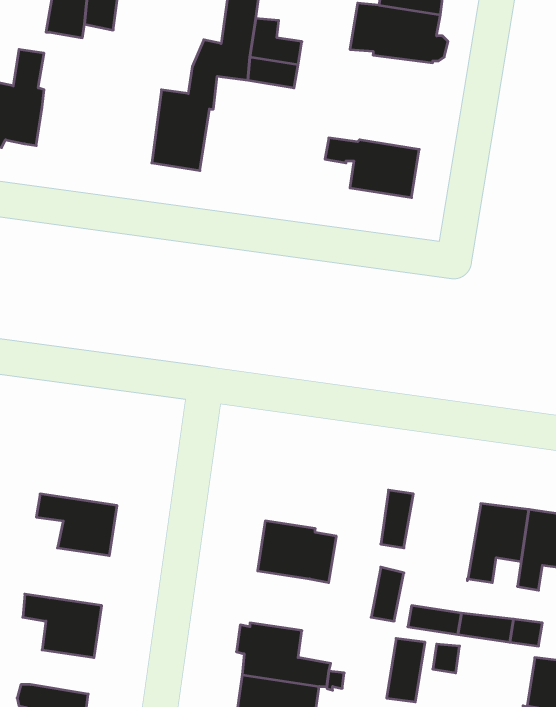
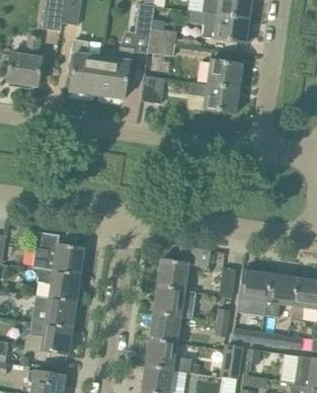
building: none -> [70,38,103,95]
building: none -> [208,60,243,88]
building: none -> [141,75,165,103]
building: none -> [33,231,84,276]
building: none -> [158,245,211,288]
building: none -> [237,270,271,315]
building: none -> [44,297,76,328]
building: none -> [150,310,181,341]

